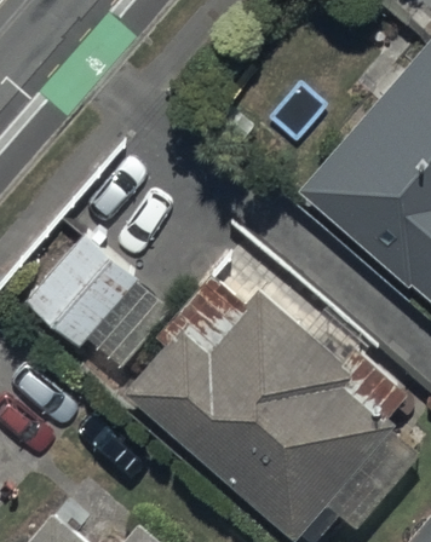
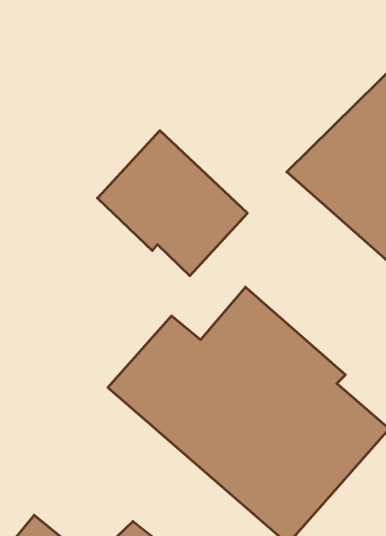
building: [28,229,173,369] -> [97,131,247,276]

